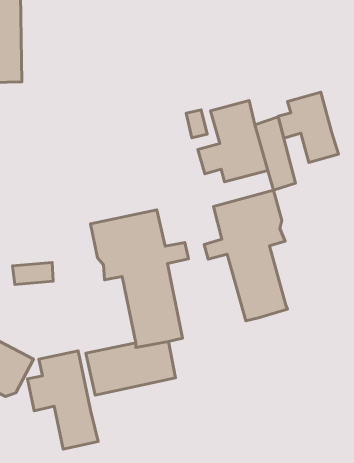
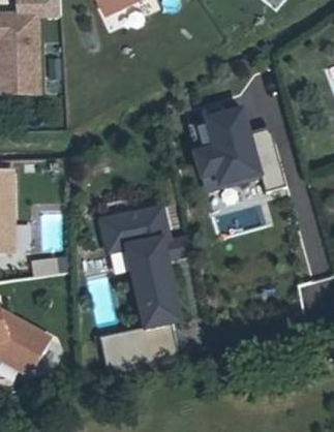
building: [278,92,338,163] -> none
building: [204,190,288,321] -> none
building: [28,351,98,449] -> none

